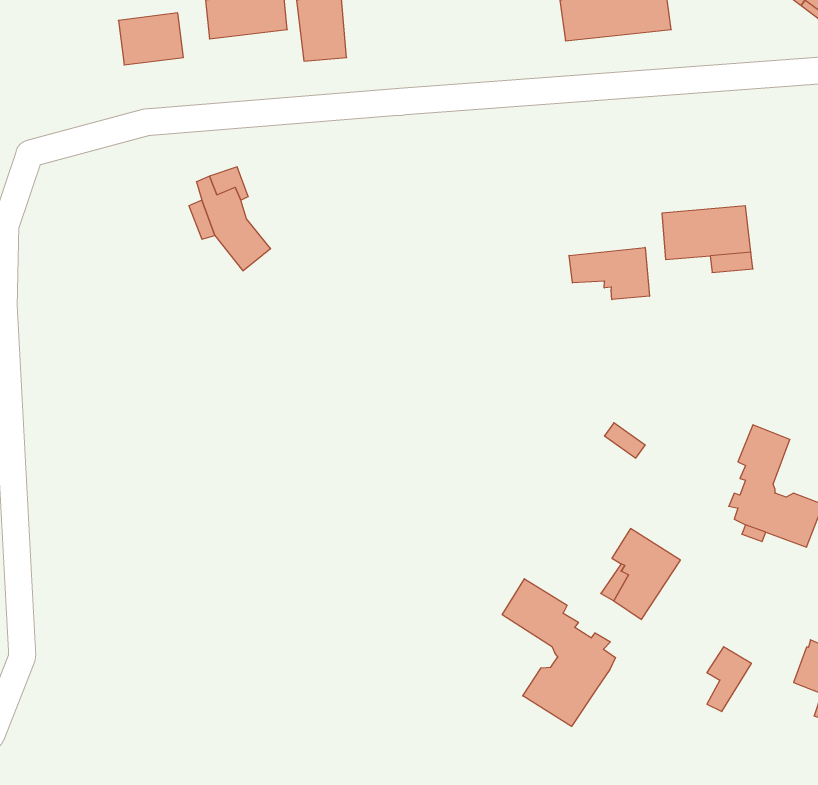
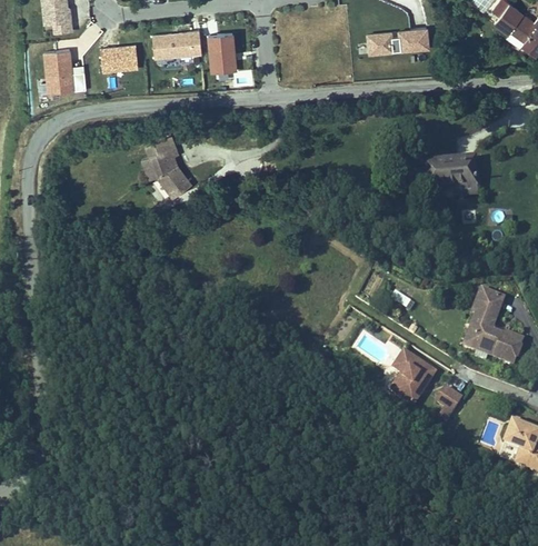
building: none -> [43,49,76,95]
building: [569,247,649,300] -> none
building: [502,579,615,726] -> none
building: [707,647,751,712] -> [436,386,462,425]

